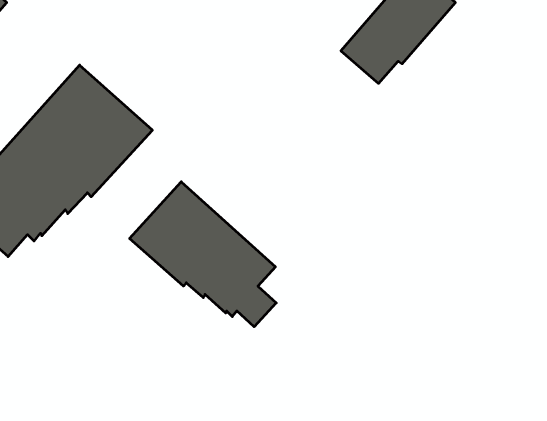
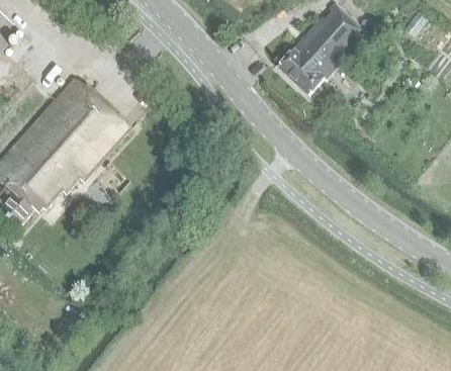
building: [130,182,276,327] -> none

